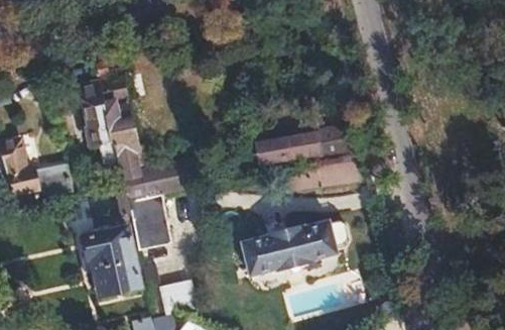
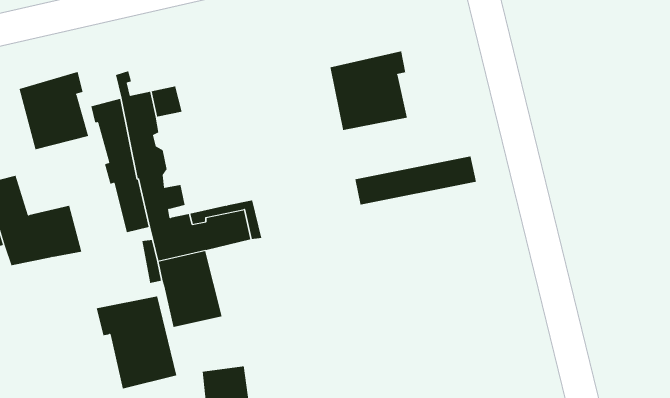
building: none -> [330,51,408,131]
building: none -> [19,71,89,150]
building: [235,221,349,277] -> none

